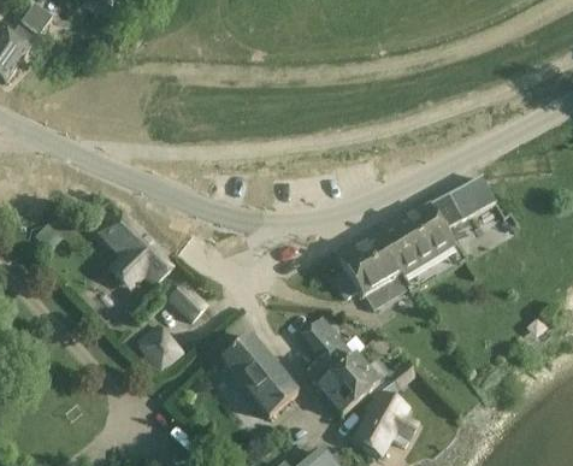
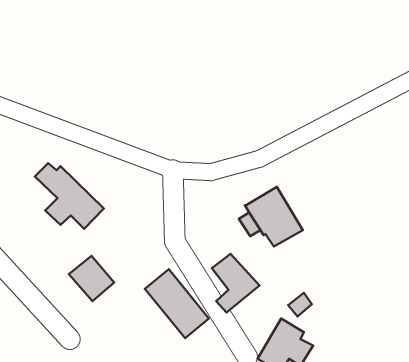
building: [376,177,494,294] -> none
building: [166,281,208,324] -> none
building: [317,354,380,415] -> none

